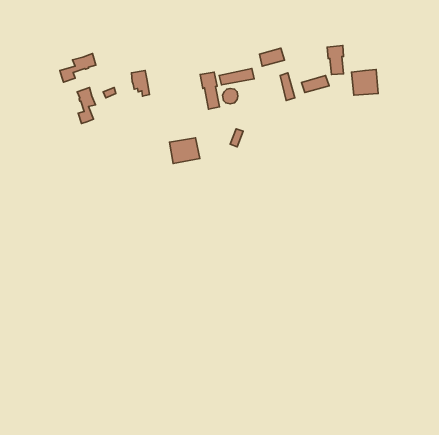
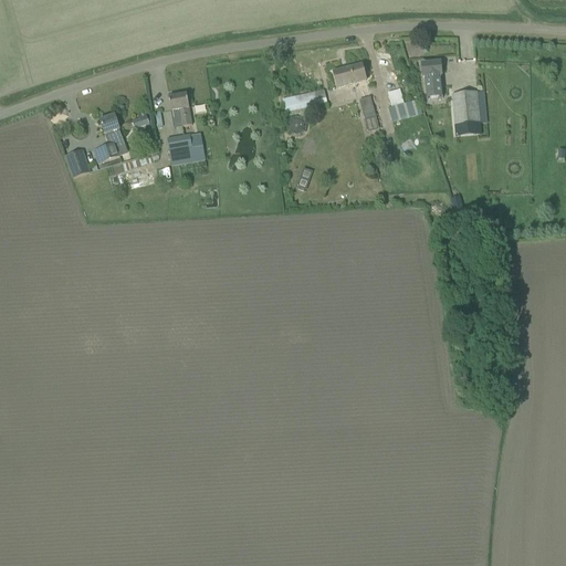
building: [60,54,96,82] -> none
building: [200,72,219,109] -> none
building: none -> [65,148,91,177]
building: [170,138,200,164] -> [167,130,206,164]

